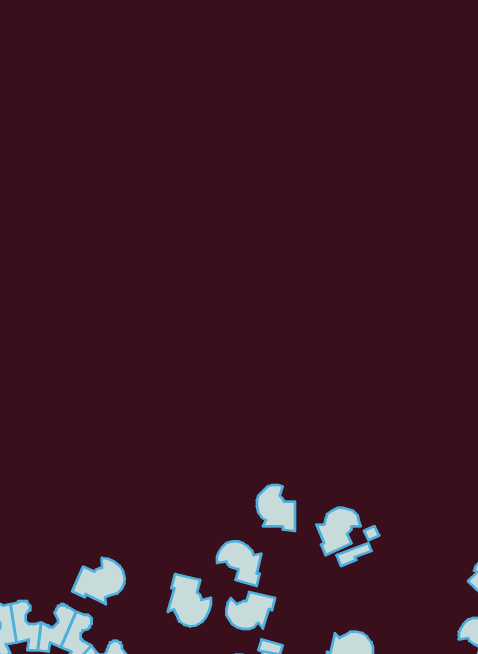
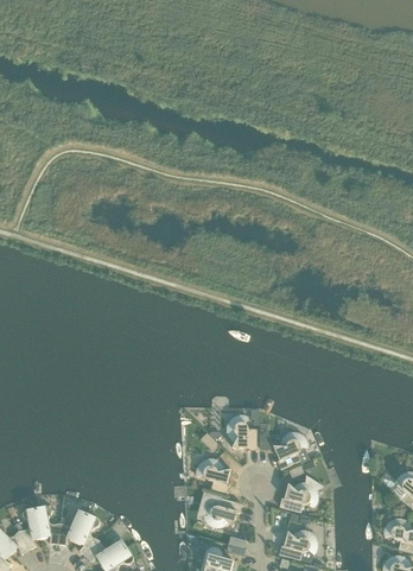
building: [72,558,125,604] -> none
building: none -> [279,476,324,512]
building: [168,574,211,627] -> none

